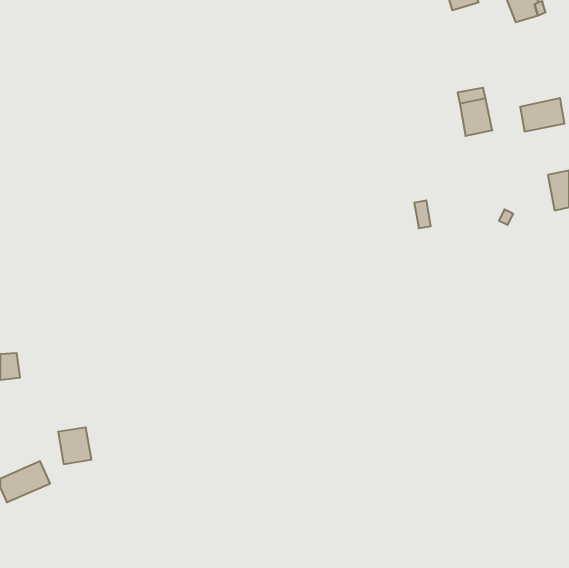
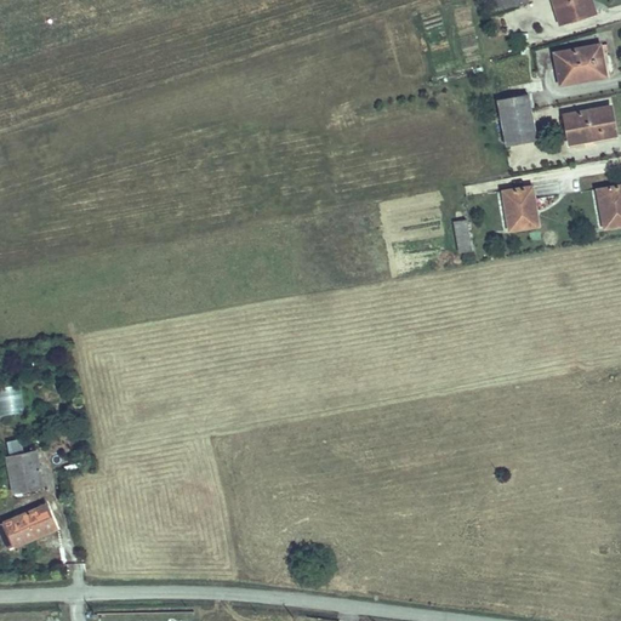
building: none -> [556,46,604,82]
building: none -> [500,188,536,230]
building: [58,427,91,464] -> [5,450,41,490]

